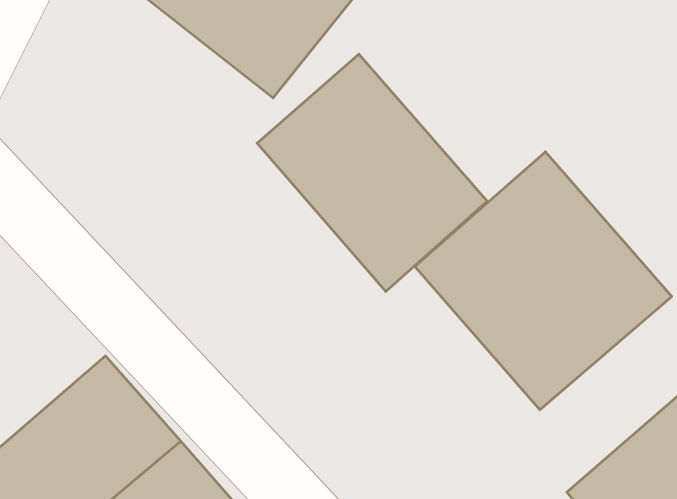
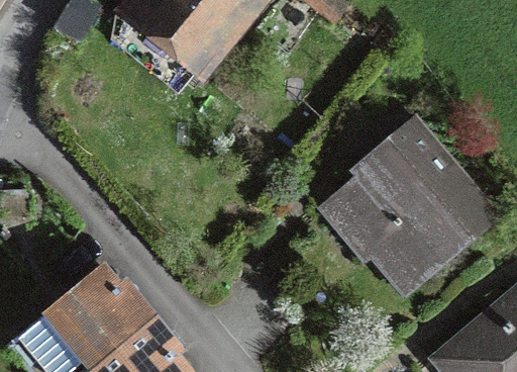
building: [257,54,487,292] -> none

